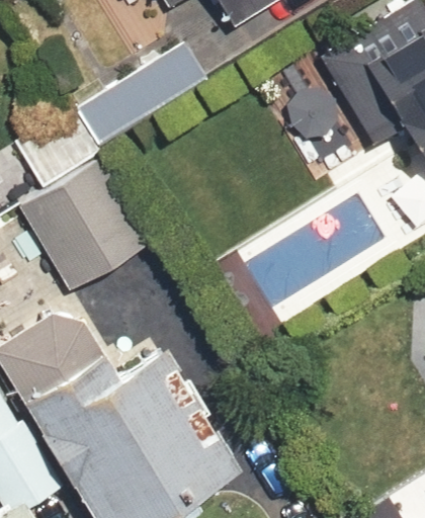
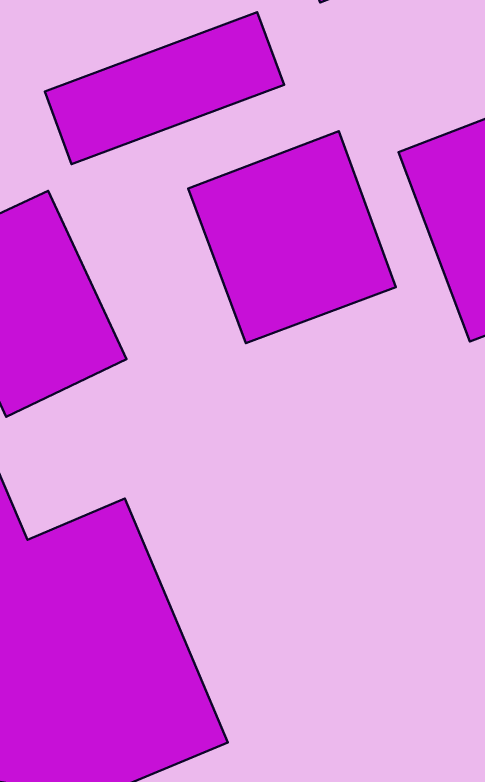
building: none -> [188,131,396,343]

